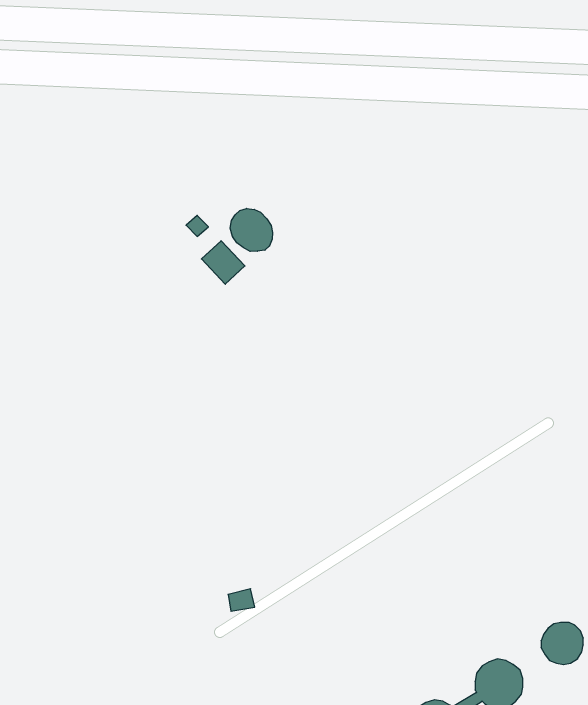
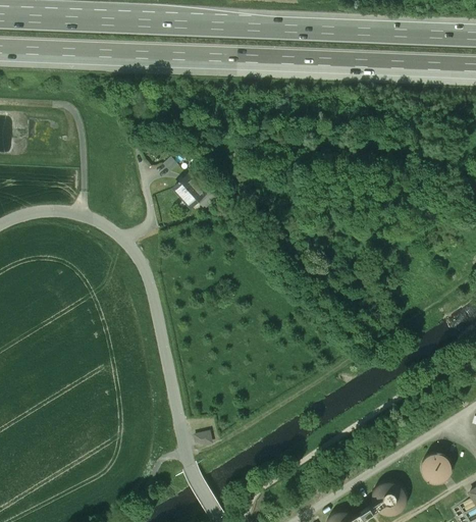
building: [230,208,273,251] -> none

